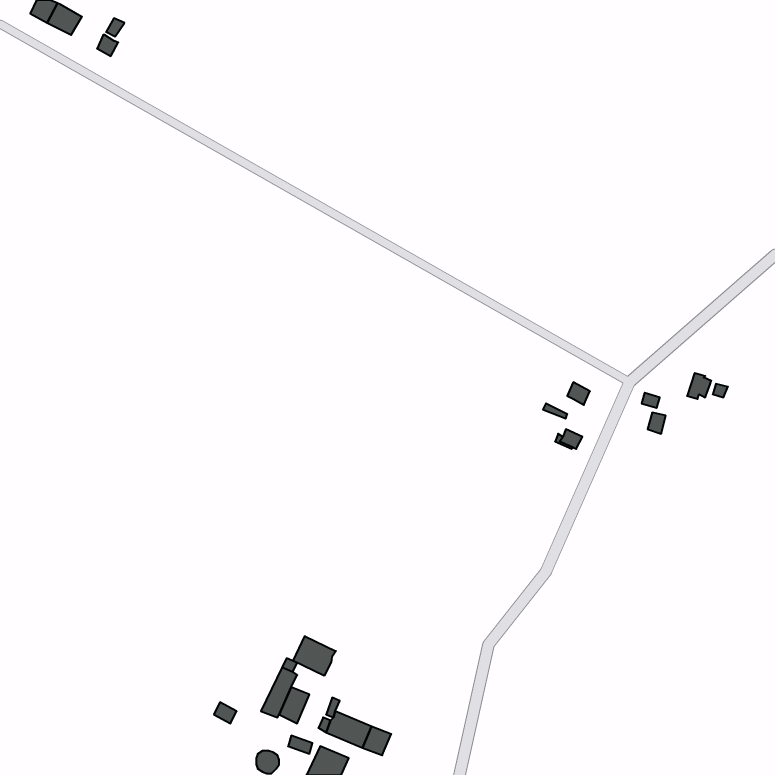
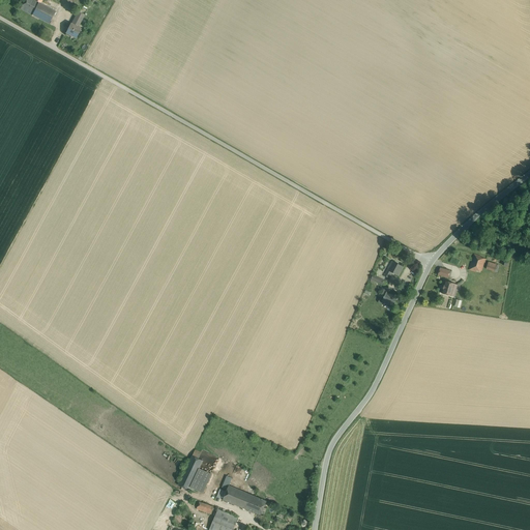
building: [293,636,336,676] -> none

